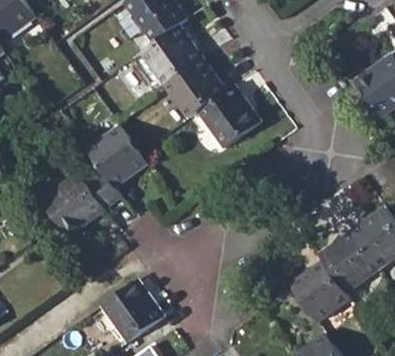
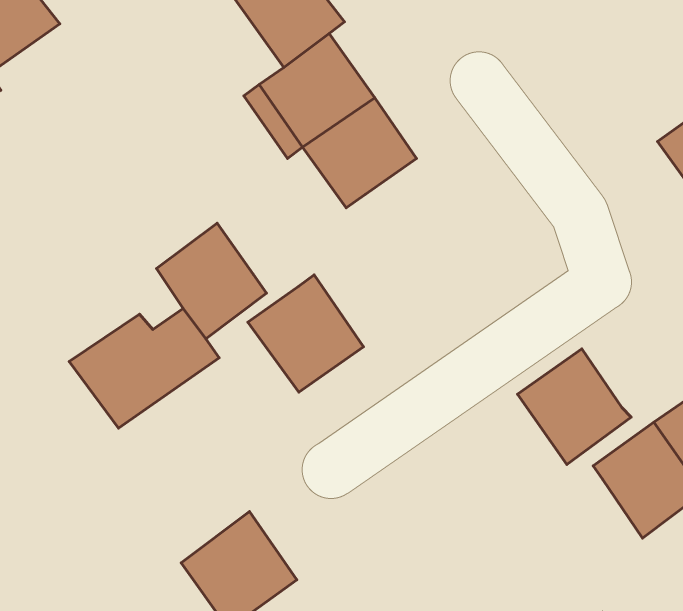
building: [199,84,260,147] -> [248,275,363,392]
building: [291,261,351,323] -> [517,349,631,464]

